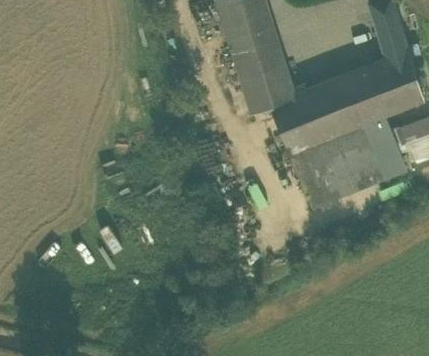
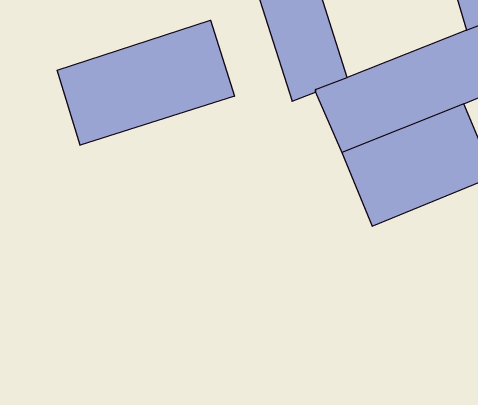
building: none -> [57,20,234,145]

